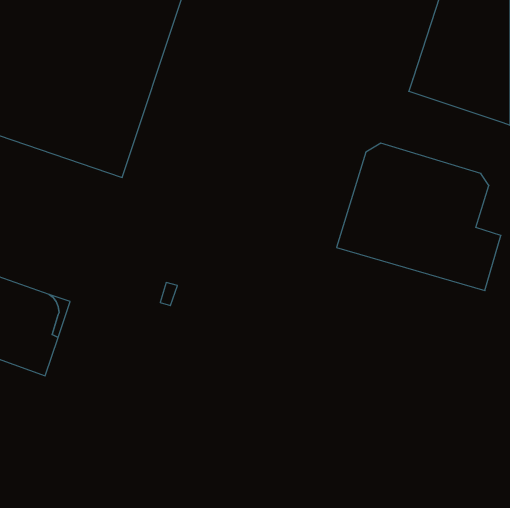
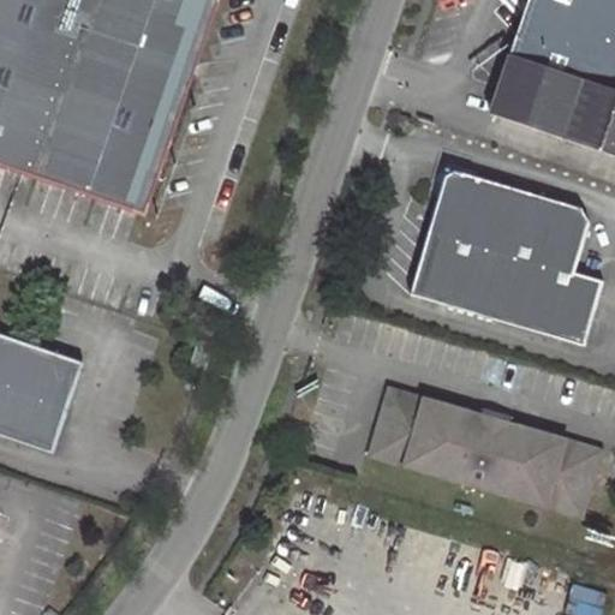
building: none -> [368,383,602,514]

